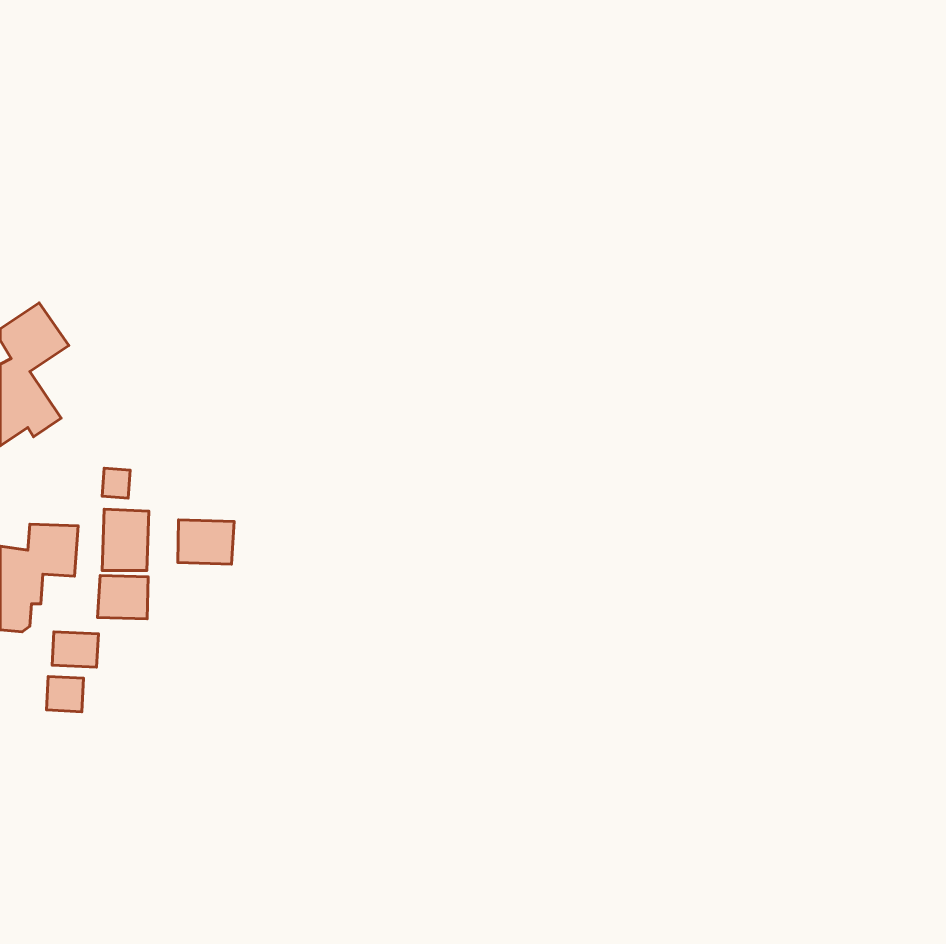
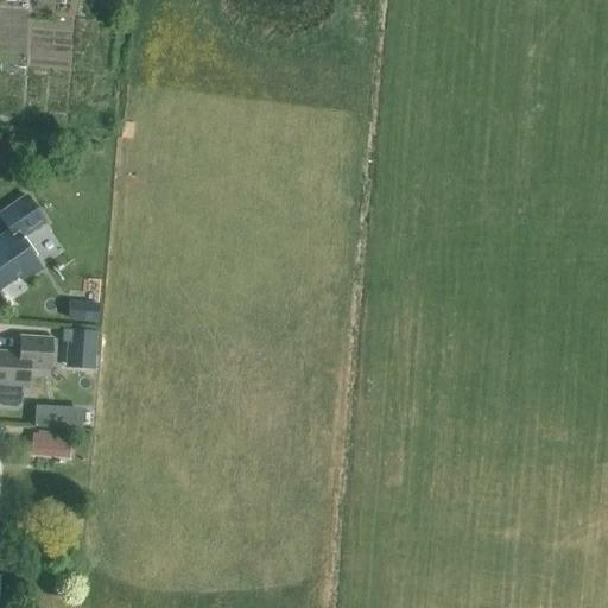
building: [178,520,234,564] -> none
building: [98,575,148,619] -> none

